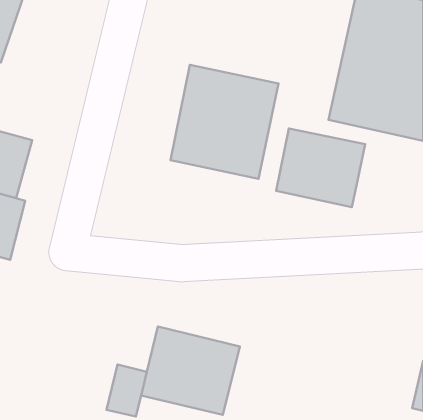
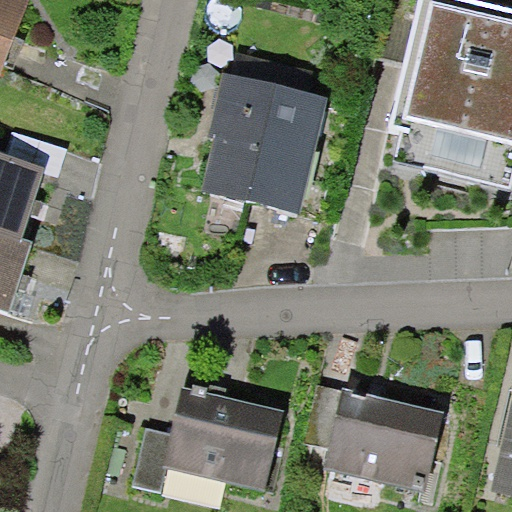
building: [276,129,365,207] -> none
building: none -> [330,381,447,486]

